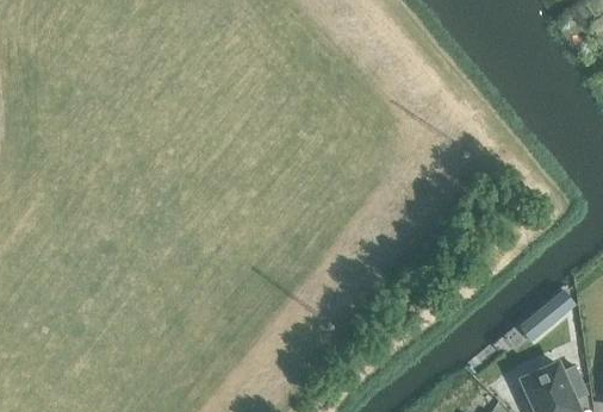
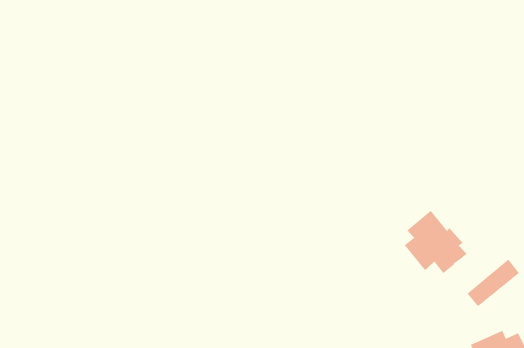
building: none -> [404,210,467,274]

